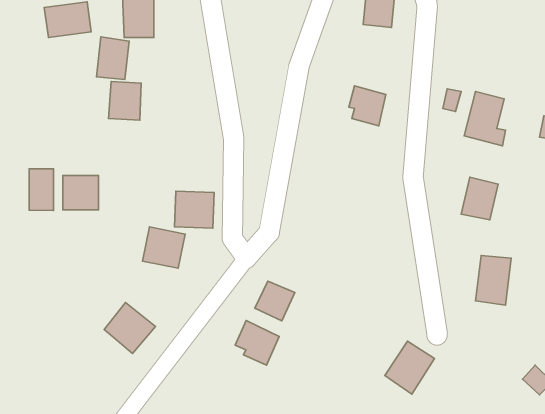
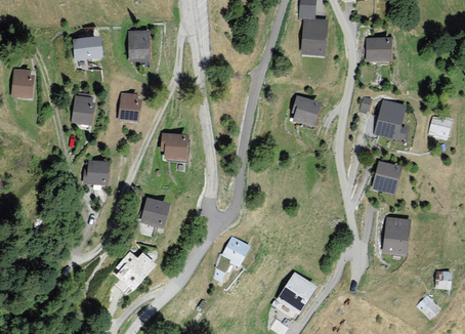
building: none -> [366,39,389,60]
building: [96,37,129,80] -> [72,93,95,124]
building: [29,169,53,210] -> none
building: [174,191,214,228] -> [162,133,191,160]
building: [235,321,279,365] -> none
building: [385,341,434,394] -> [277,275,312,312]

